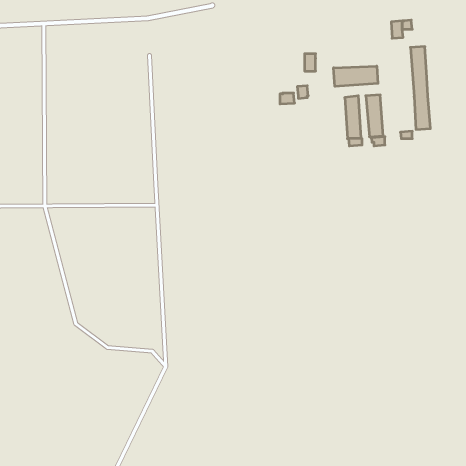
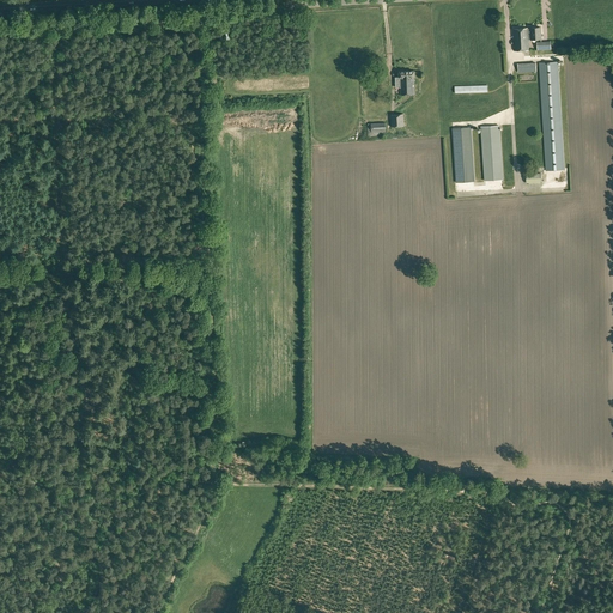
building: [334,66,378,86] -> none

